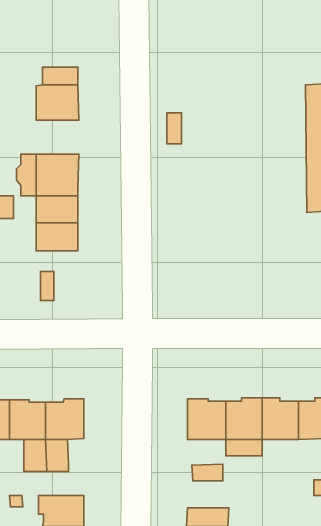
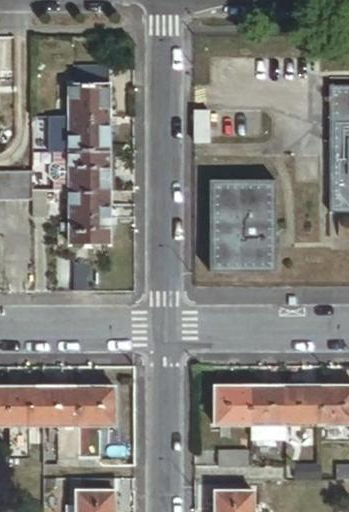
building: none -> [69,117,110,150]
building: none -> [209,178,276,269]

